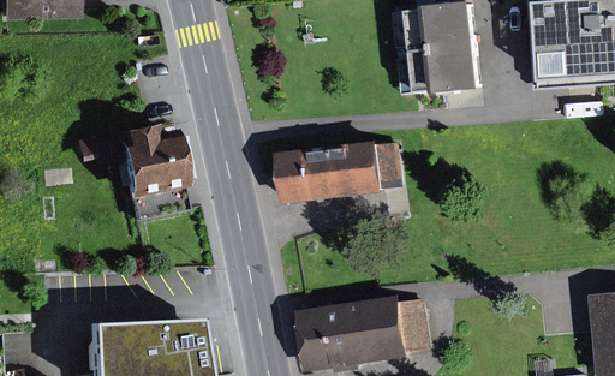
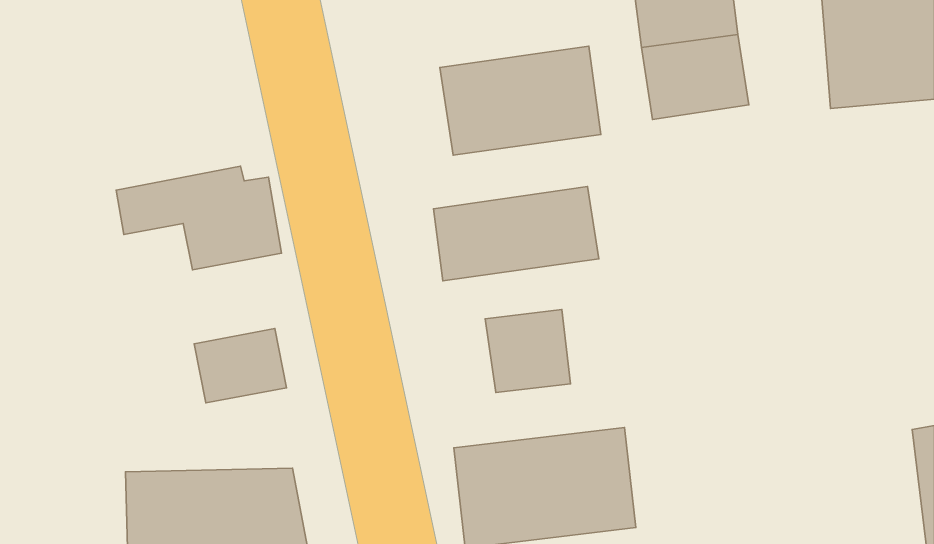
building: none -> [440,46,601,155]
building: none -> [485,310,571,392]
building: none -> [194,329,287,403]

